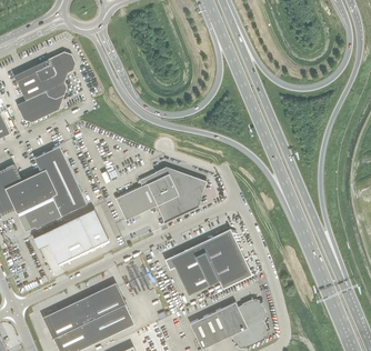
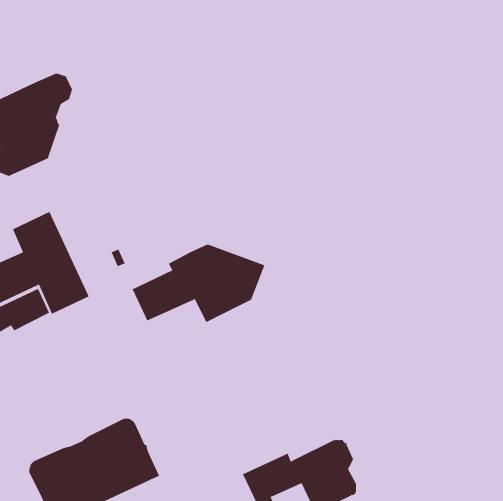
building: [32,208,108,262] -> none
building: [172,231,248,294] -> none

